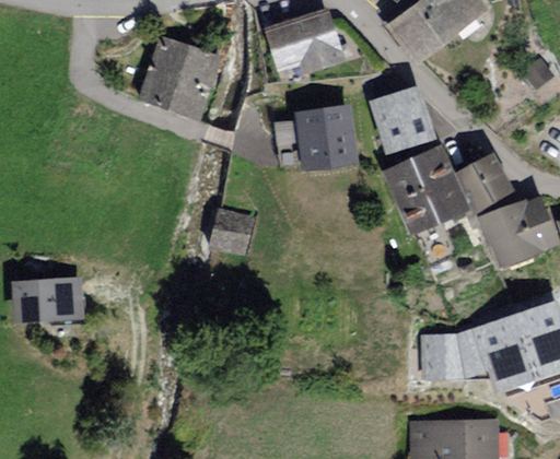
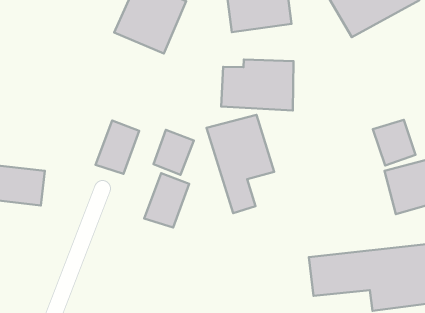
building: [375,86,435,154] -> none
building: [386,148,474,268] -> [206,115,274,213]
building: none -> [96,121,139,174]
building: none -> [144,173,189,228]

